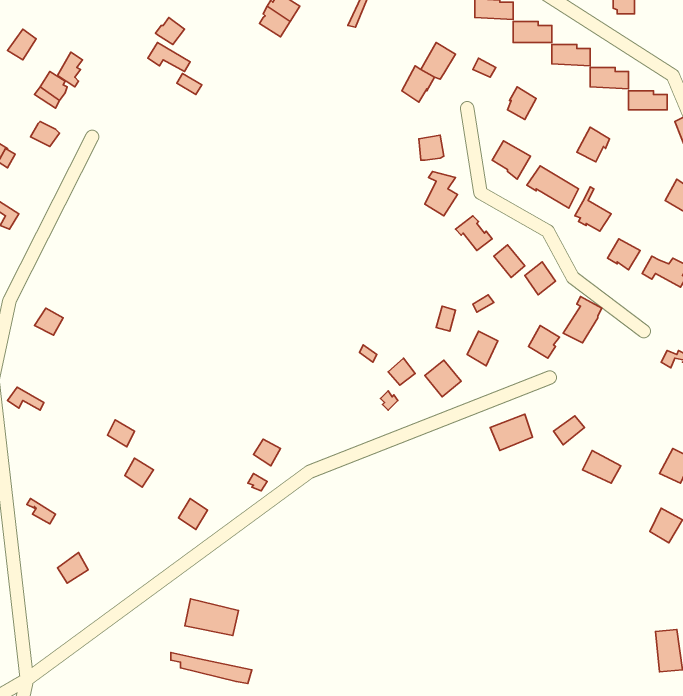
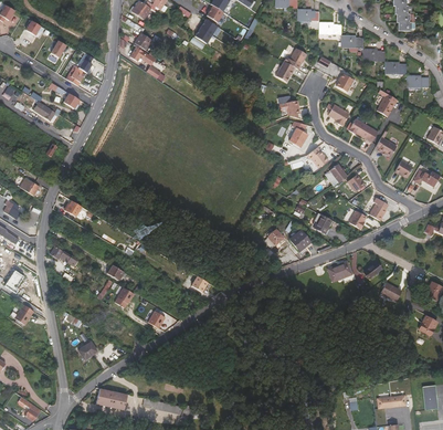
building: [185,599,239,635] -> [96,388,127,409]

